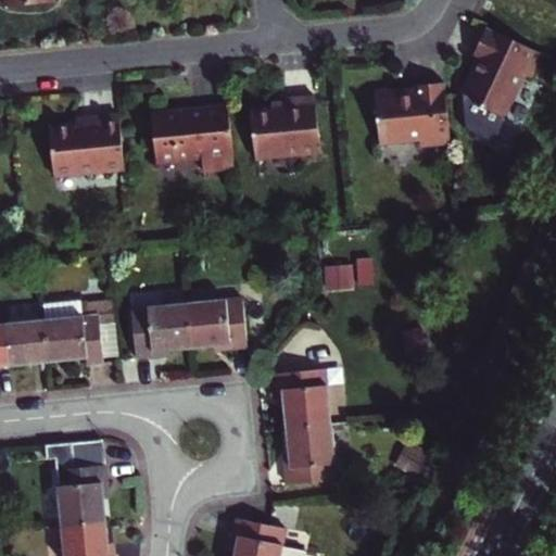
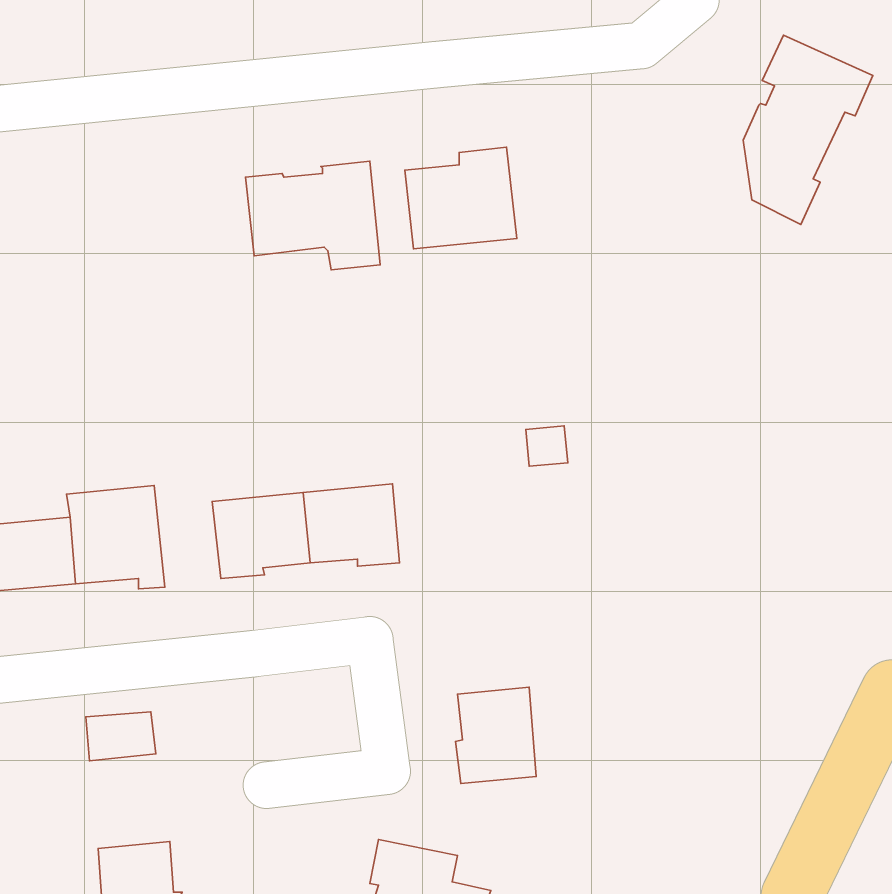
building: [375,81,453,146] -> none
building: [51,111,126,173] -> none
building: [275,371,328,431] -> none
building: [55,467,108,527] -> none

